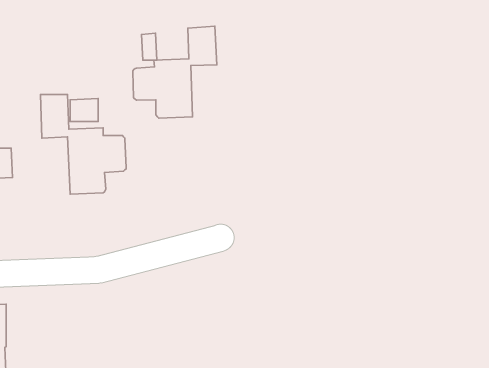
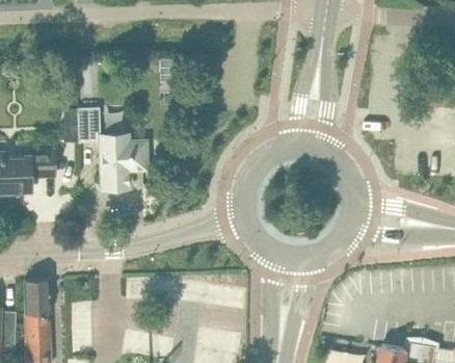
building: [133,26,217,118] -> none

